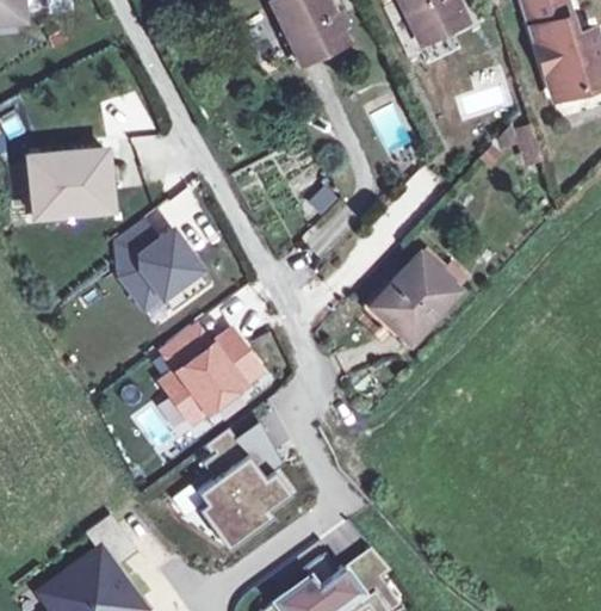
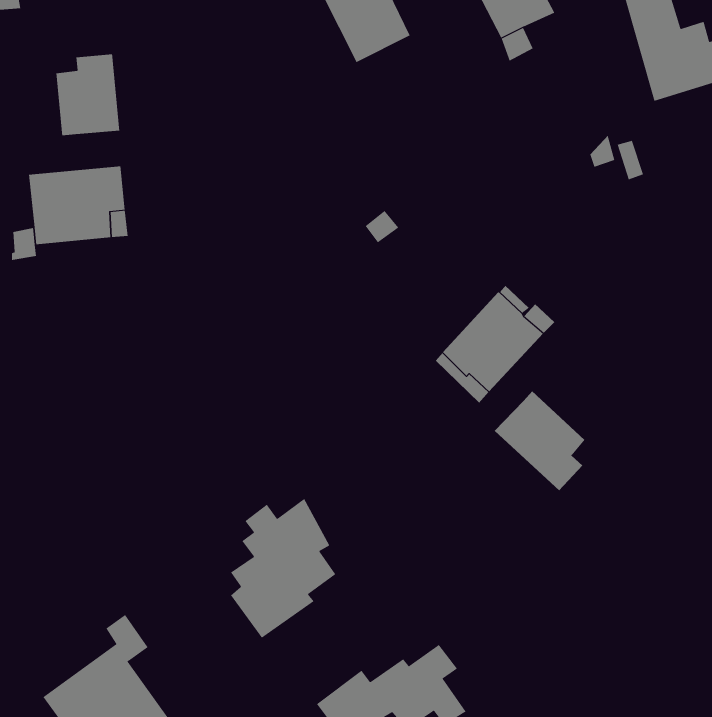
building: none -> [56,54,120,136]
building: [116,226,213,328] -> none
building: [161,325,262,421] -> none
building: none -> [494,391,585,491]

